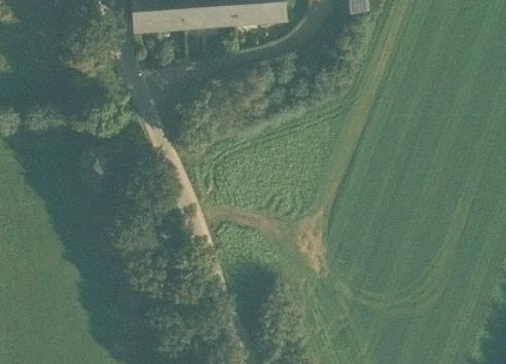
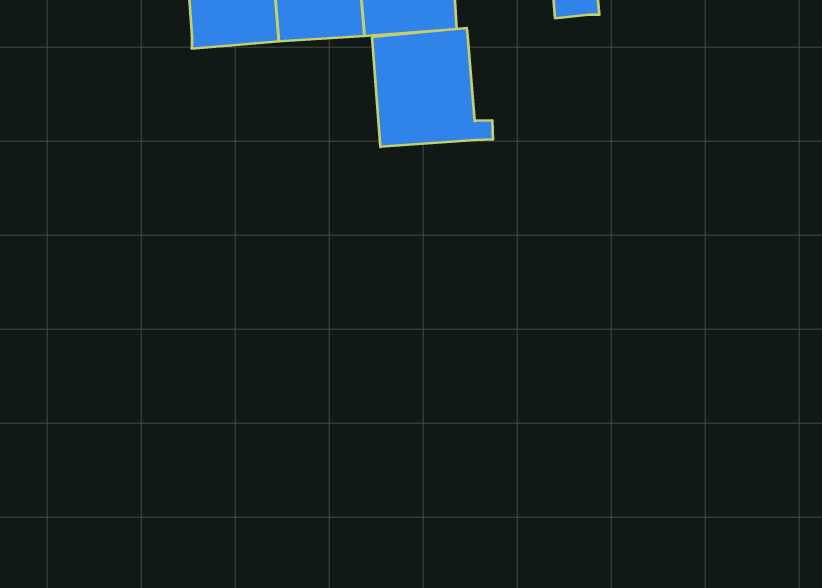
building: none -> [372,28,493,147]

